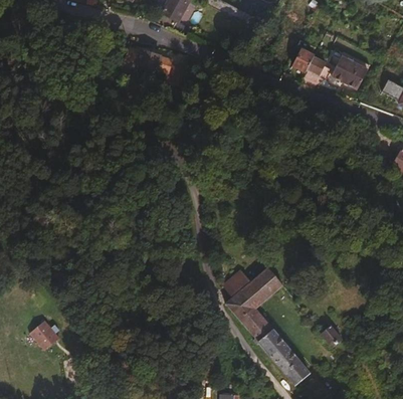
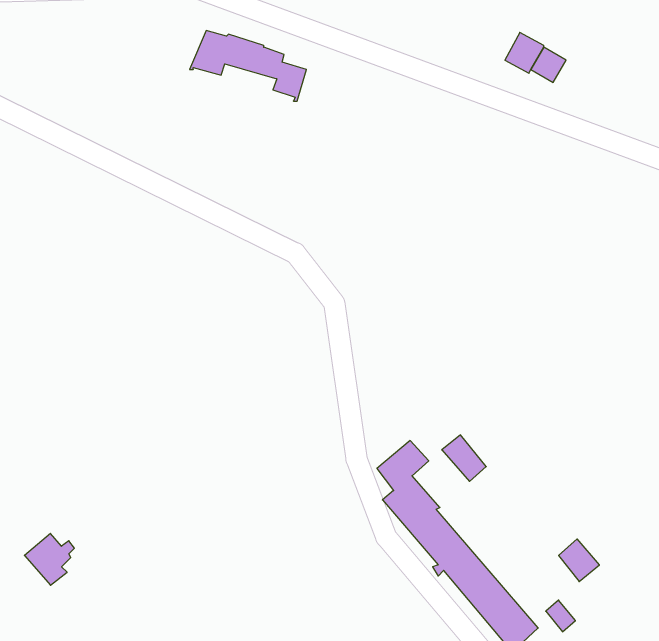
building: [329,50,368,87] -> none
building: [241,274,272,306] -> none

